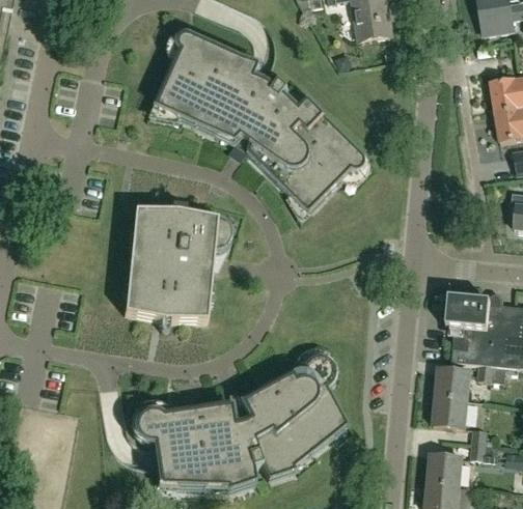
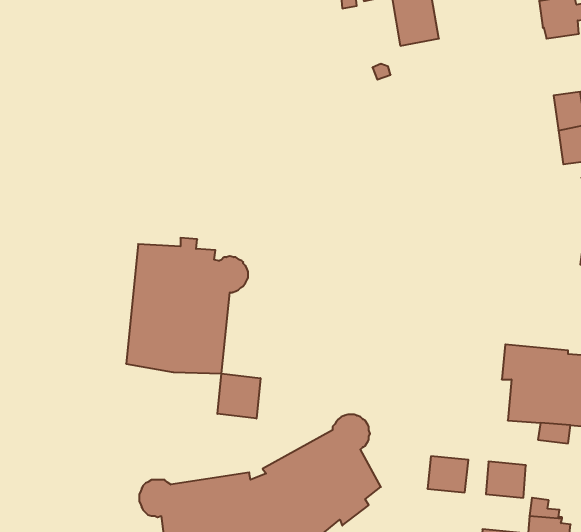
building: [159,34,366,210] -> none
building: none -> [217,373,260,419]
building: [435,368,470,399] -> [427,456,468,492]

